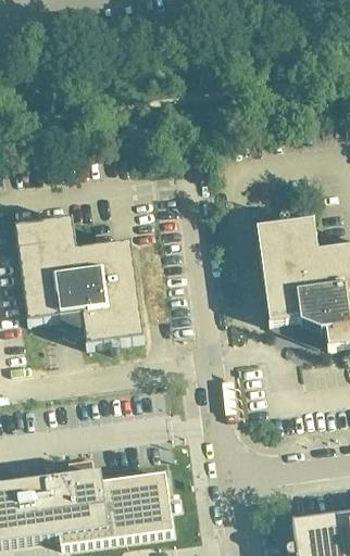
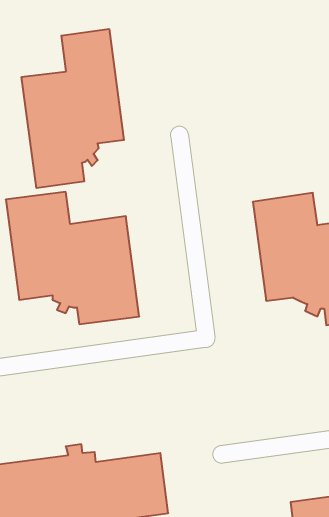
building: none -> [22,29,124,188]

